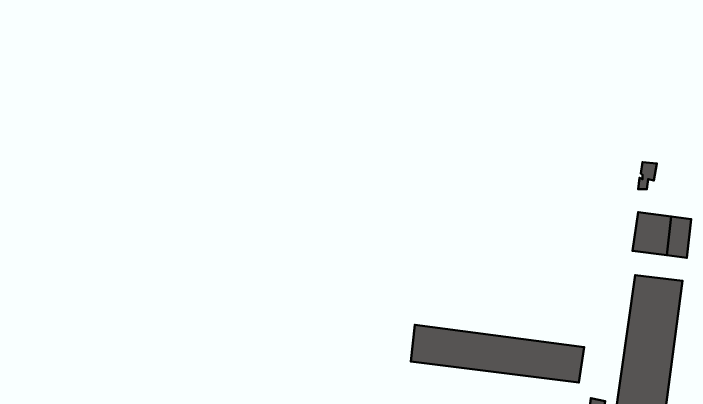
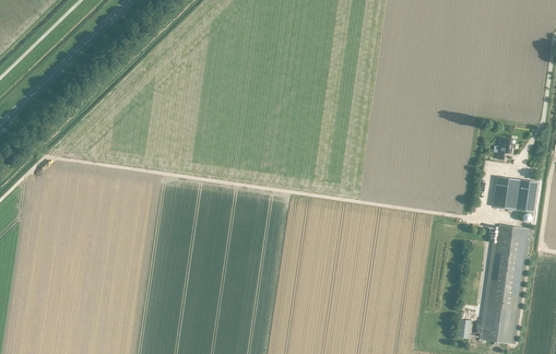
building: [411,325,584,383] -> none

